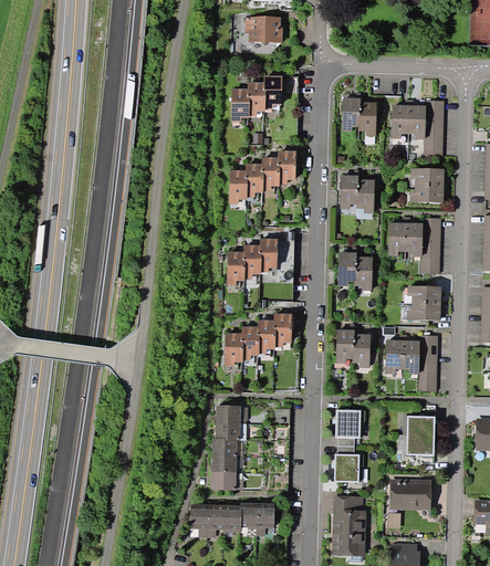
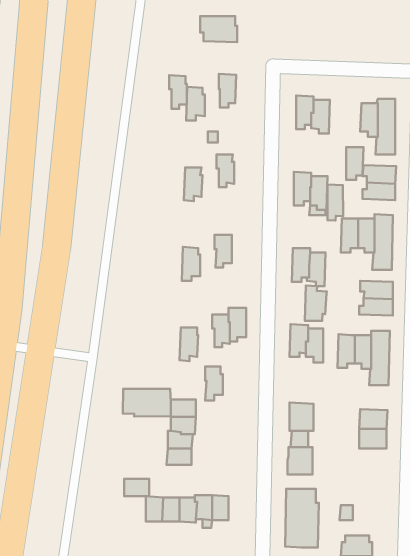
building: [247,82,264,116] -> [169,75,187,109]
building: [390,105,408,138] -> [346,147,364,180]
building: [277,150,295,185] -> none
building: [244,164,263,198] -> none
building: none -> [327,185,343,221]
building: [242,244,261,279] -> none
building: none -> [305,286,327,321]
building: [241,326,259,360] -> [205,367,223,400]
building: none -> [123,389,171,417]
building: [210,472,236,490] -> [124,479,149,496]
building: [389,480,430,510] -> none

